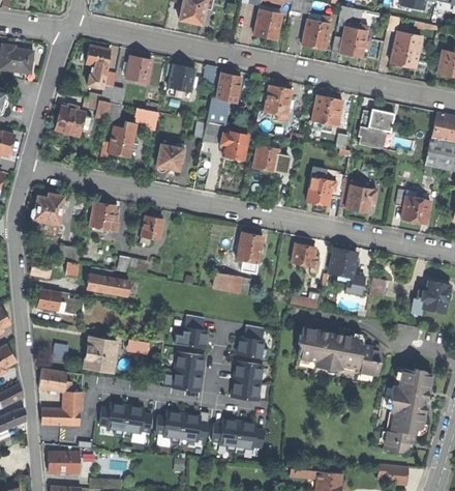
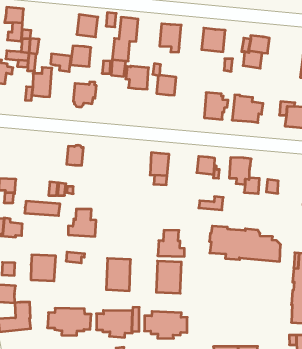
building: [125,56,151,82] -> [71,46,91,66]
building: [90,202,118,231] -> none
building: [213,272,247,294] -> none
building: [174,315,208,349] -> [68,209,96,236]

